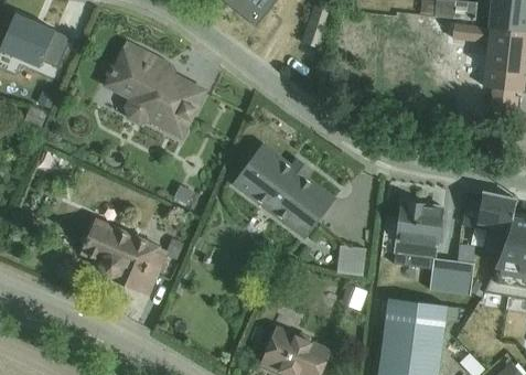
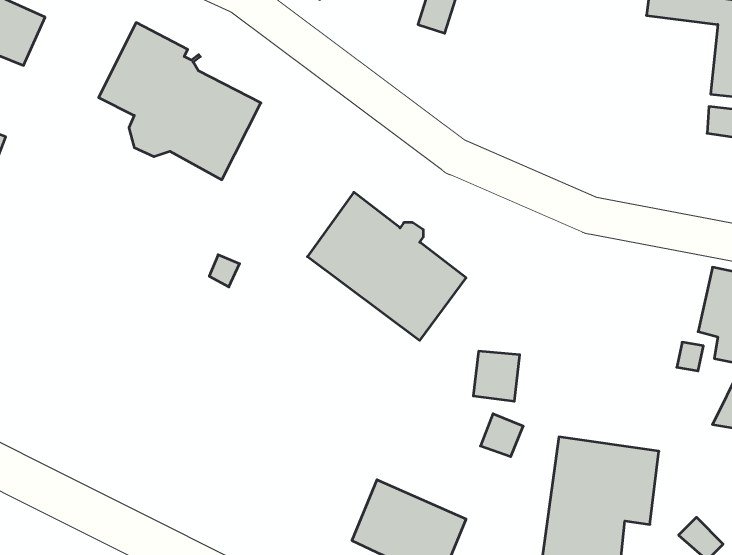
building: [395,201,475,294] -> none
building: [80,216,184,296] -> none

